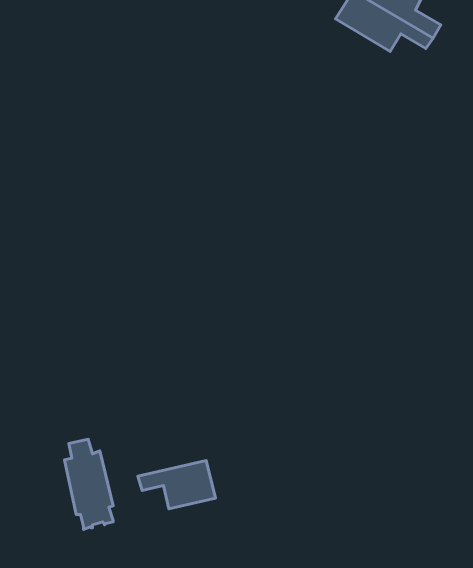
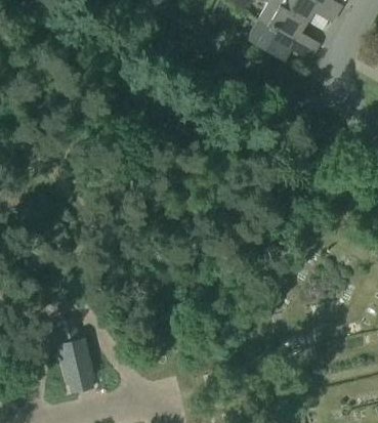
building: [138,460,216,509] -> none

